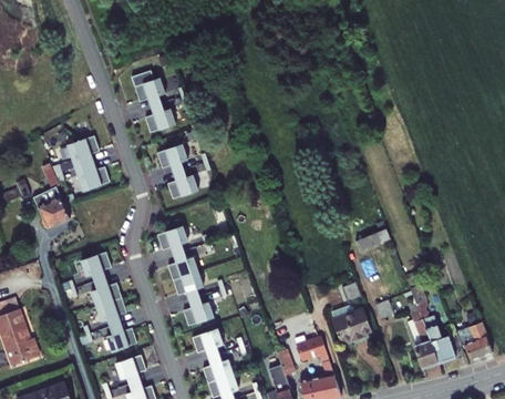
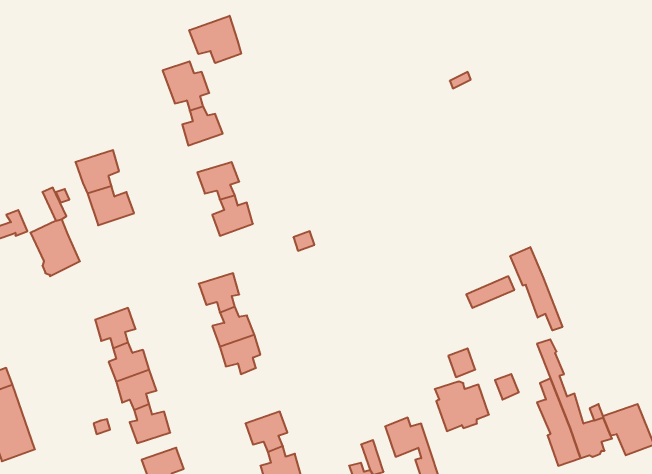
building: none -> [189,16,241,63]
building: none -> [510,247,562,330]
building: [183,296,214,326] -> none

